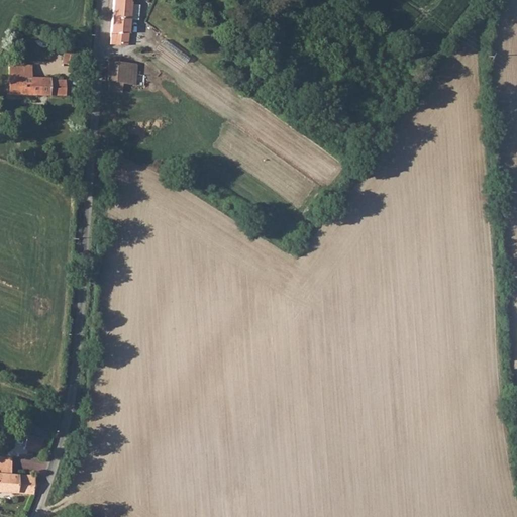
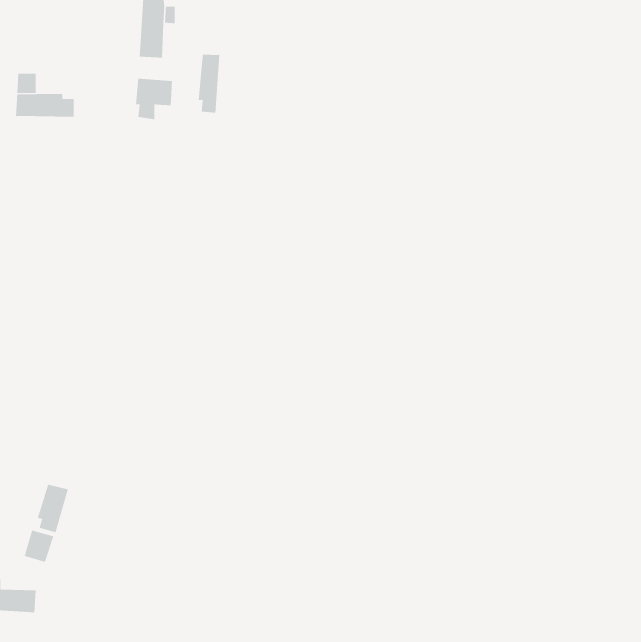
building: none -> [198,54,220,114]
building: none -> [37,484,68,533]

